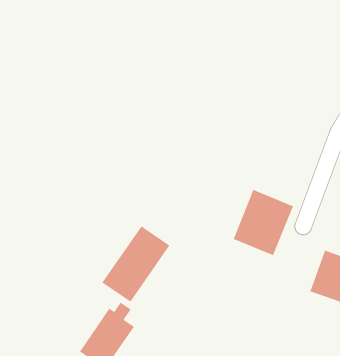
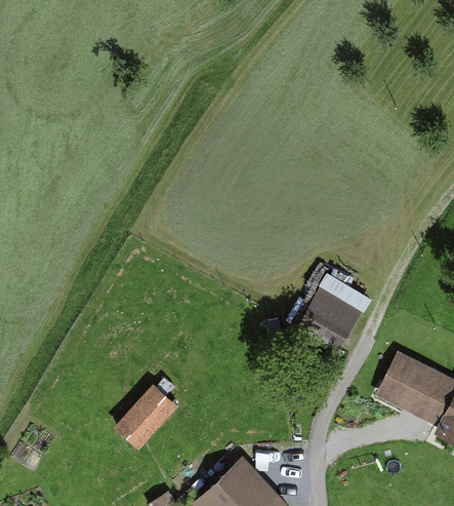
building: [102,225,170,302] -> none

